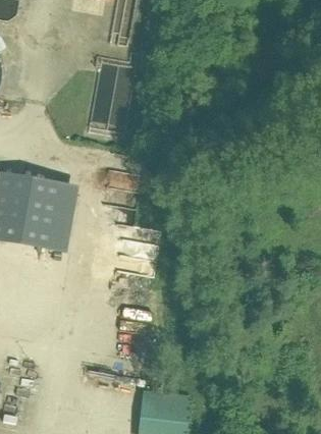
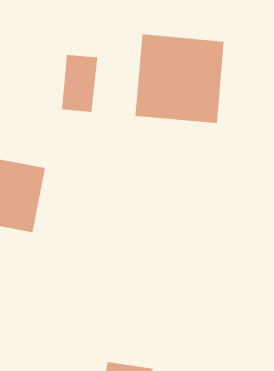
building: none -> [135,34,224,124]

